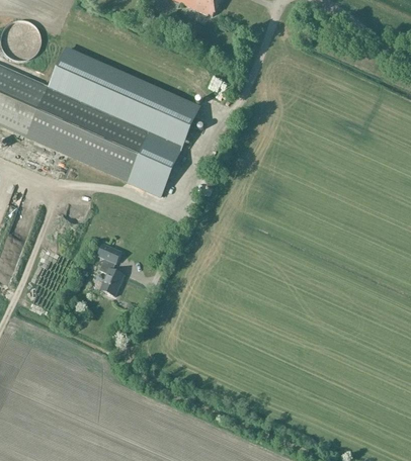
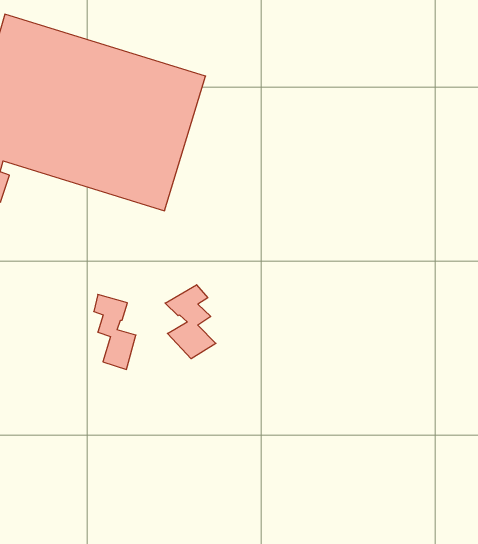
building: none -> [165,285,216,359]

